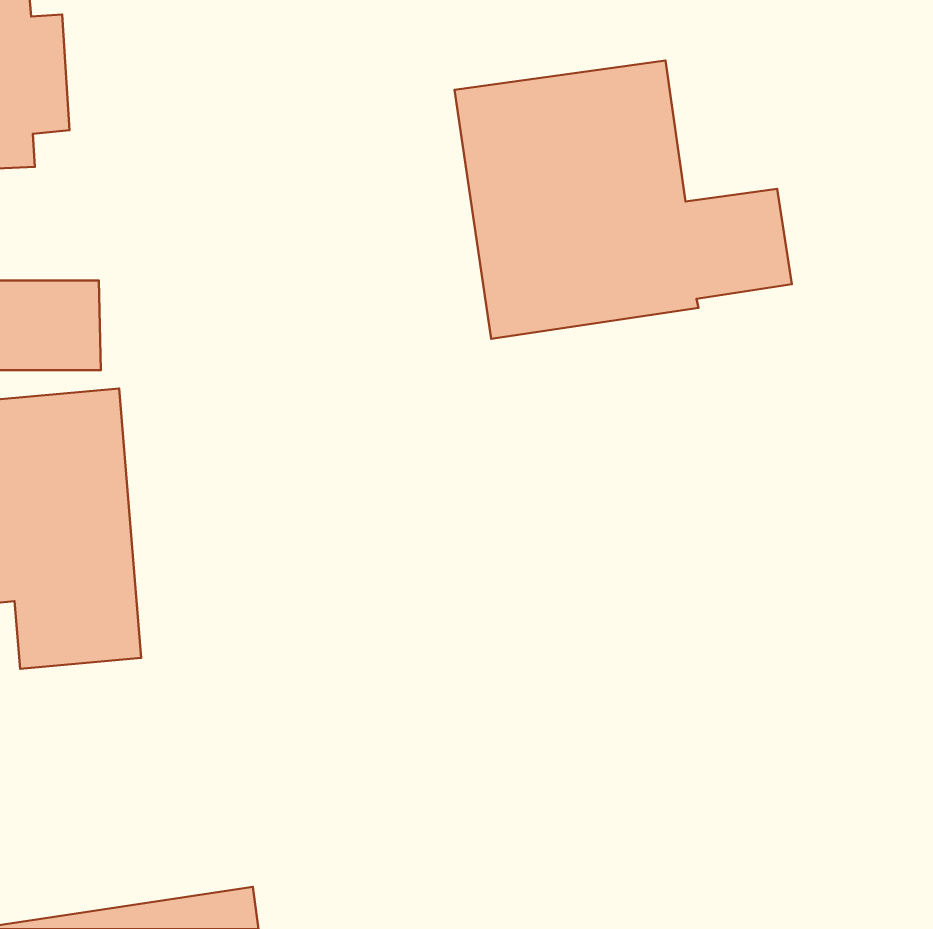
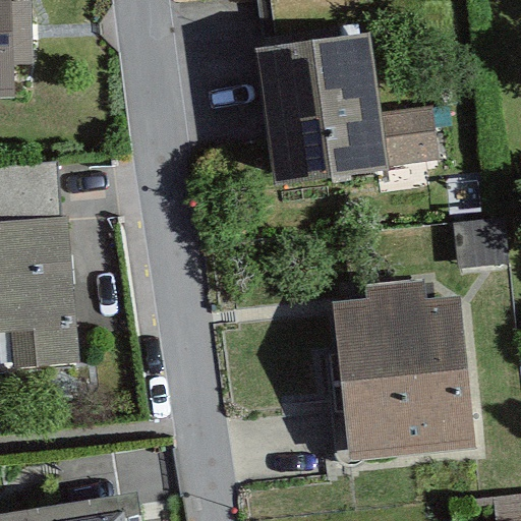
building: none -> [331,278,475,462]

